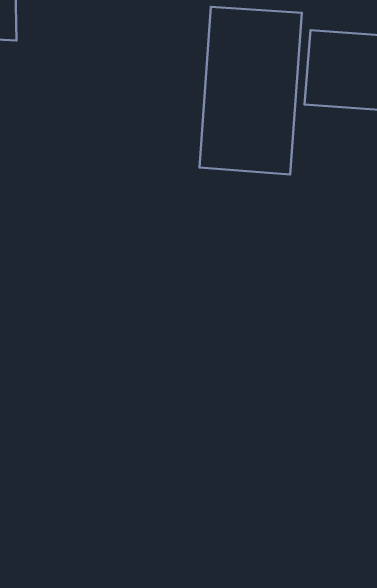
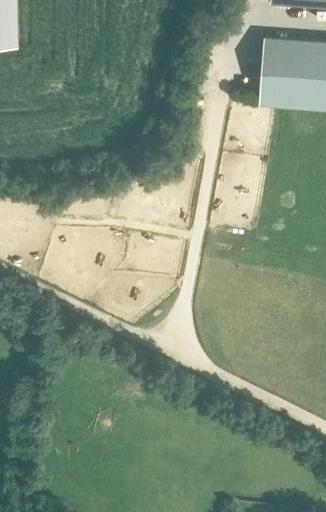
building: [199,7,302,175] -> none

